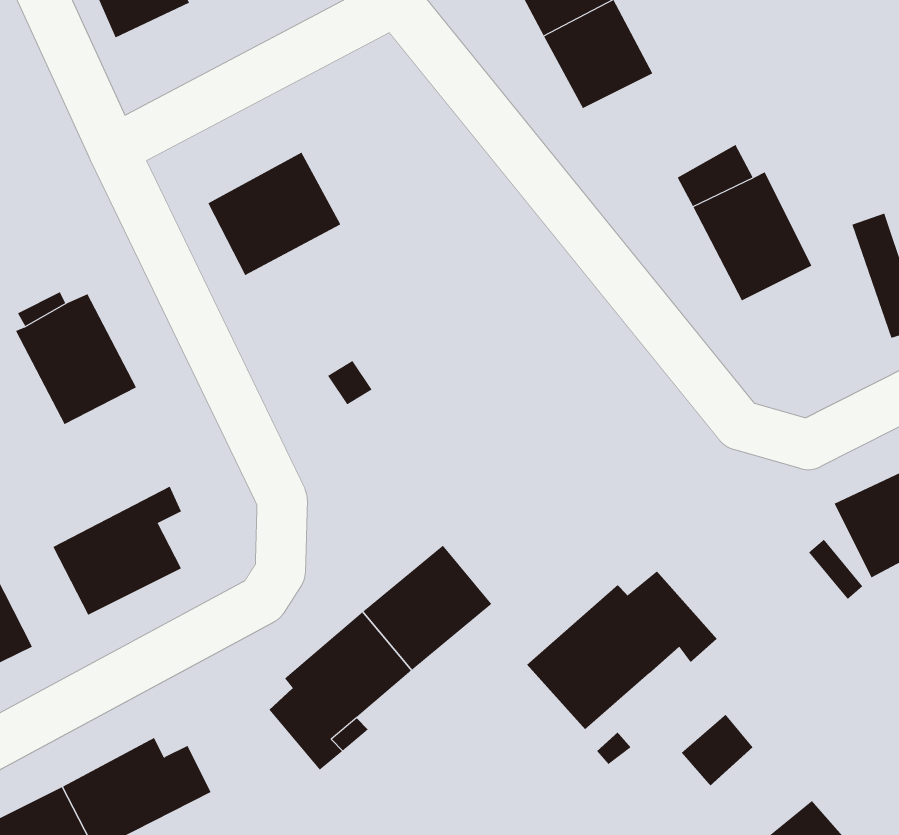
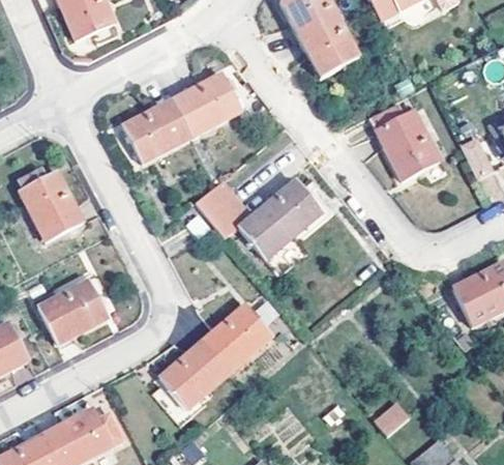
building: none -> [172,74,241,137]
building: none -> [196,180,323,275]
building: [526,571,718,730] -> none

